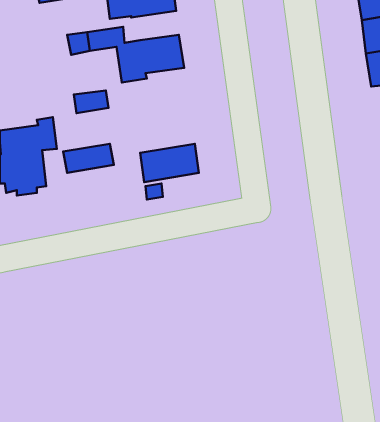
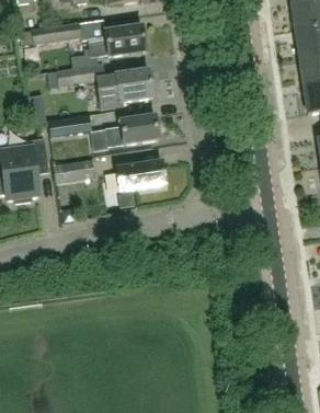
building: none -> [107,115,160,145]

